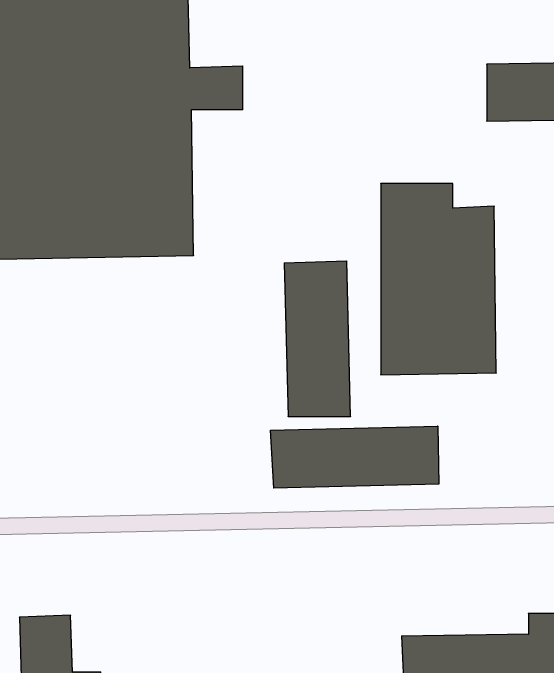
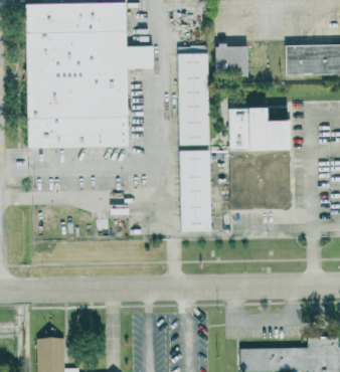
building: none -> [215,45,248,76]
building: none -> [177,46,210,146]
building: [271,426,439,488] -> none

